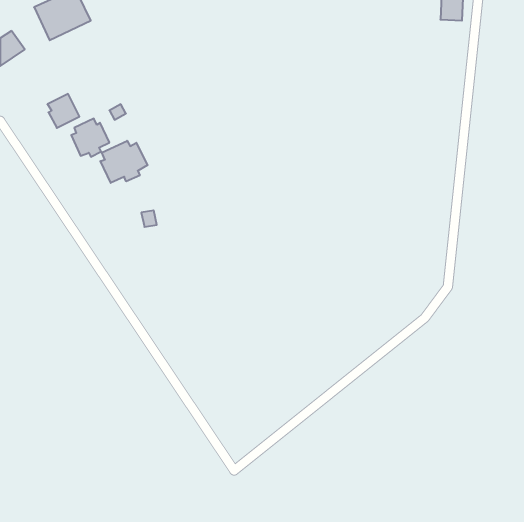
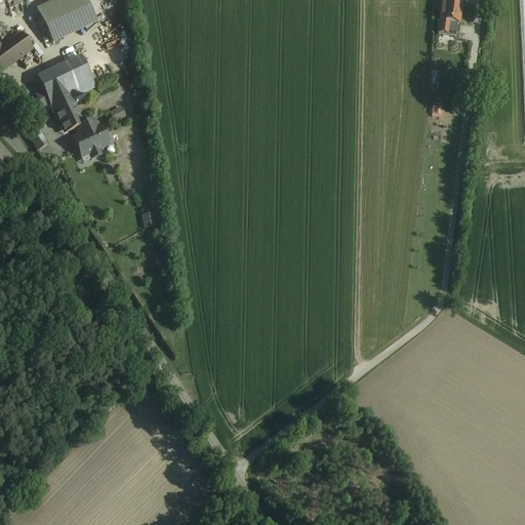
building: none -> [36,54,92,104]
building: [100,141,148,183] -> none

